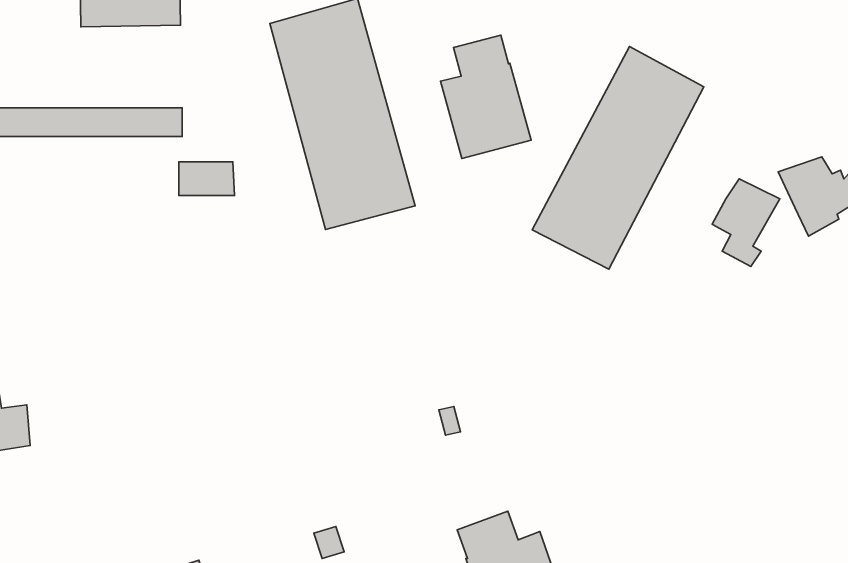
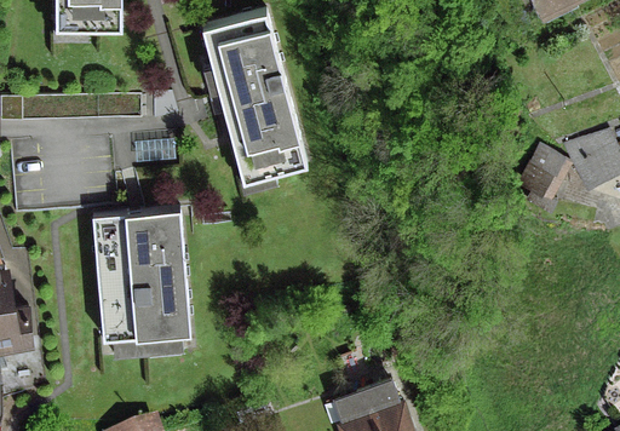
building: [440,35,531,158] -> none
building: [532,46,704,269] -> none
building: none -> [93,211,193,356]

